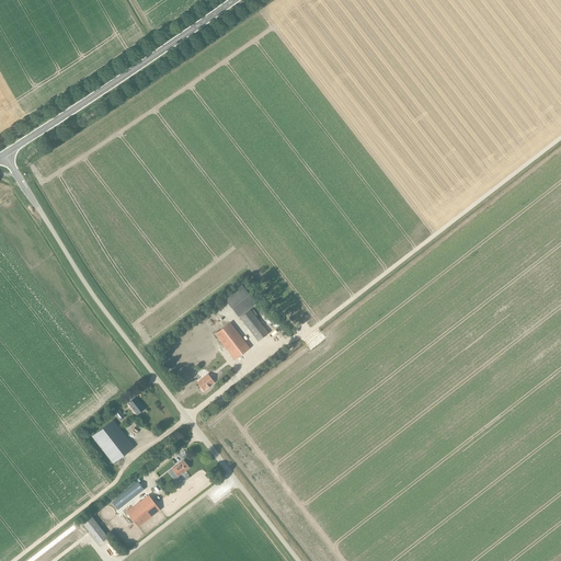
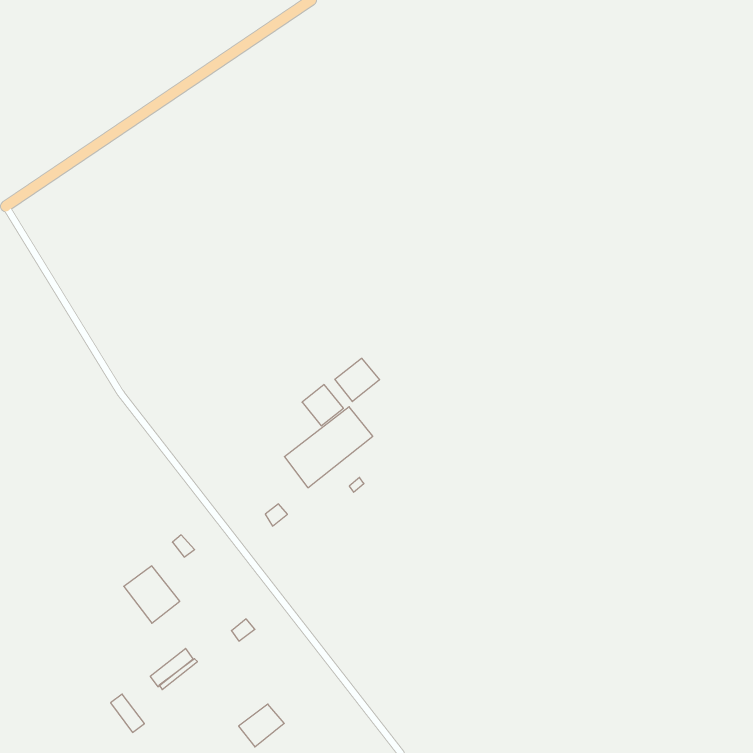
building: none -> [335,358,380,402]
building: [126,495,160,527] -> [239,704,284,747]

